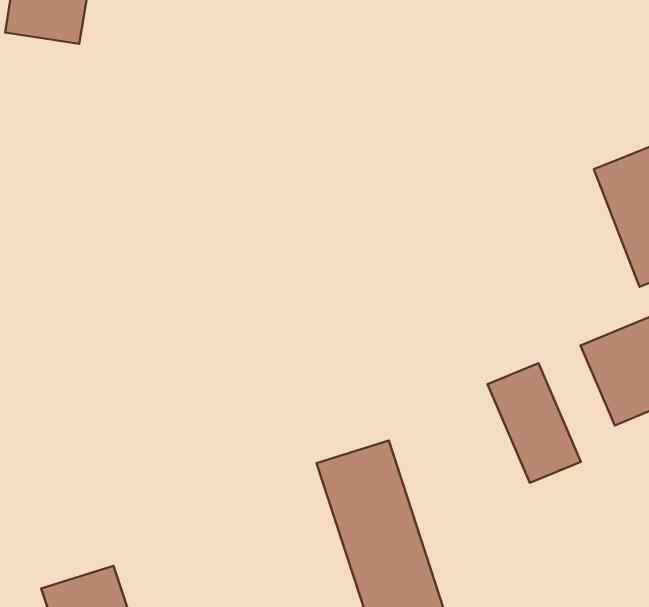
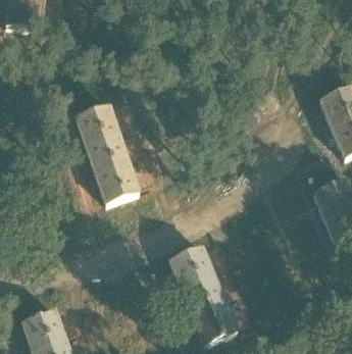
building: none -> [72,102,142,206]
building: [487,363,581,483] -> none

